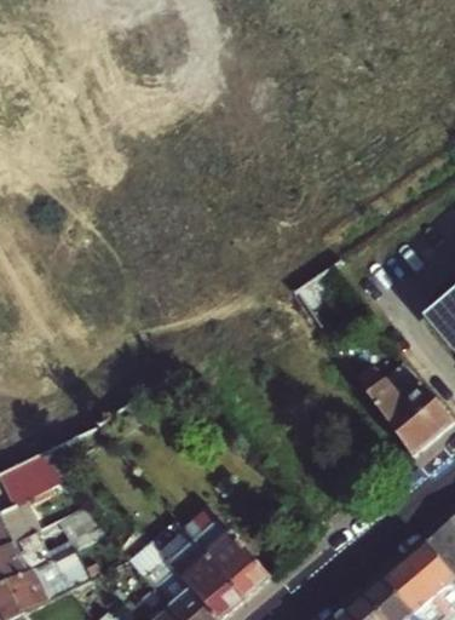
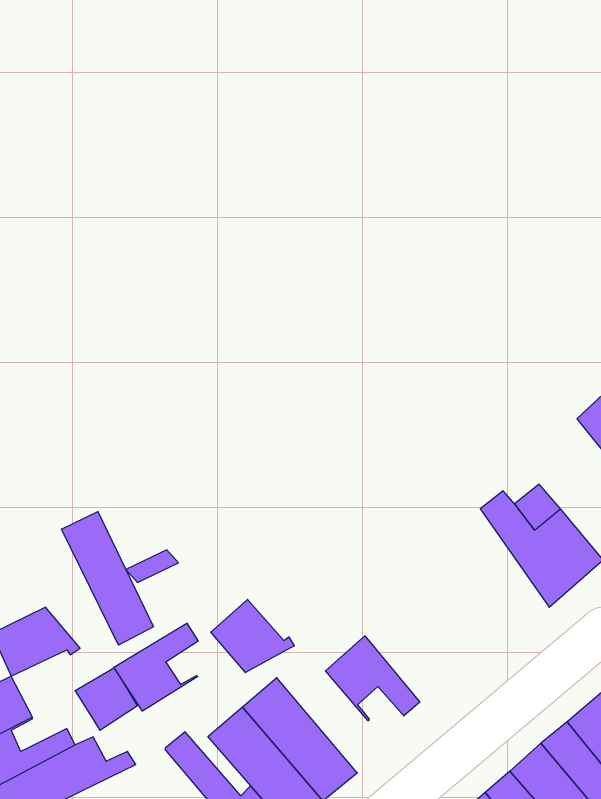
building: none -> [61,511,154,645]
building: none -> [211,599,294,673]
building: none -> [114,623,198,711]
building: none -> [325,636,420,721]

